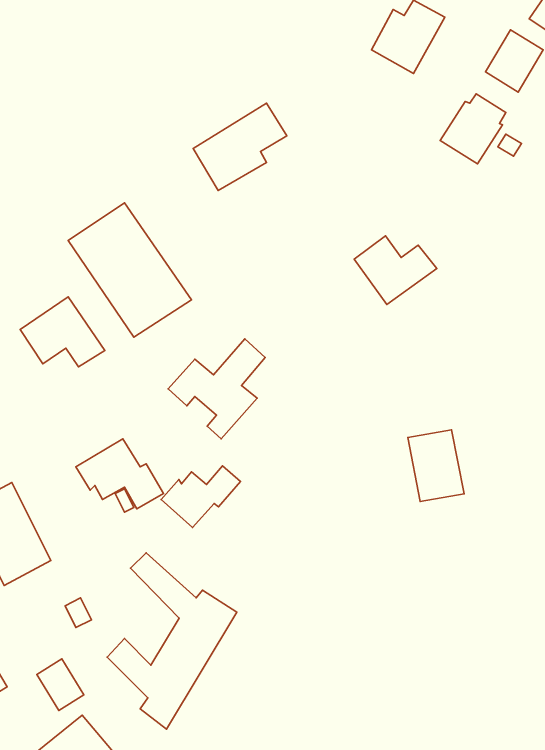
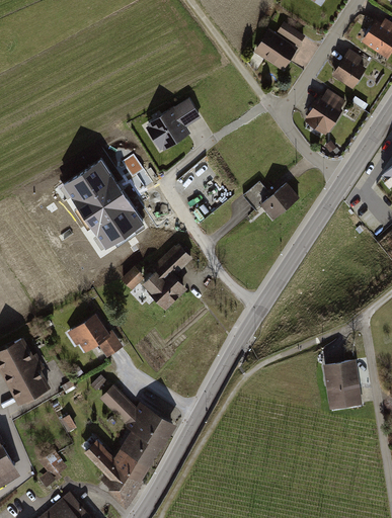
building: [20,297,105,367] -> none
building: [408,430,464,502] -> [323,362,360,409]
building: [161,466,240,527] -> none

